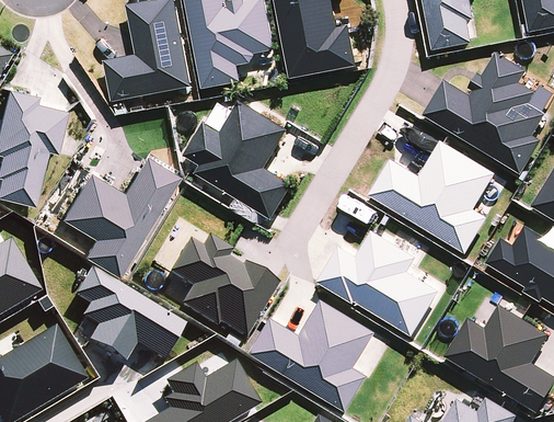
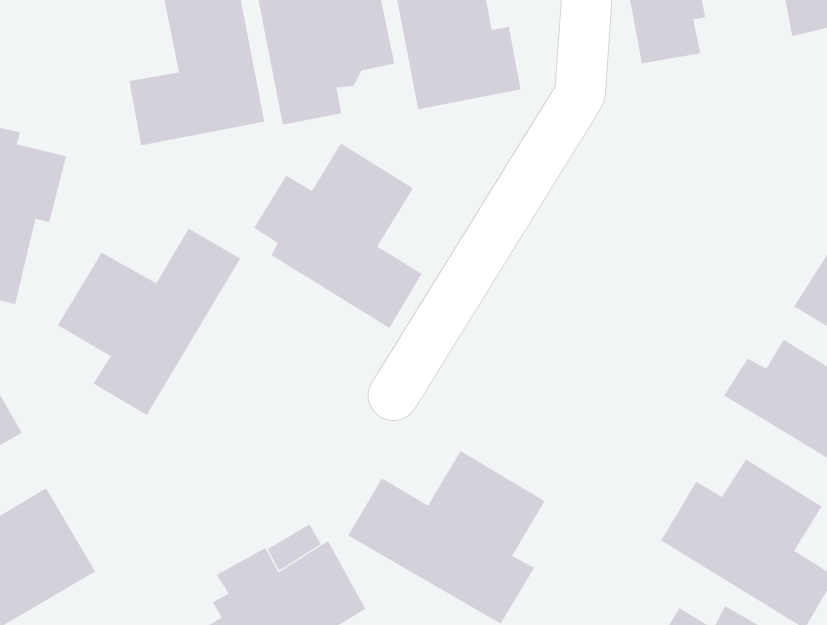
building: [423,53,544,175] -> none
building: [368,141,495,253] -> none
building: [316,231,439,337] -> none
building: [163,238,272,341] -> none
building: [71,263,182,358] -> none

